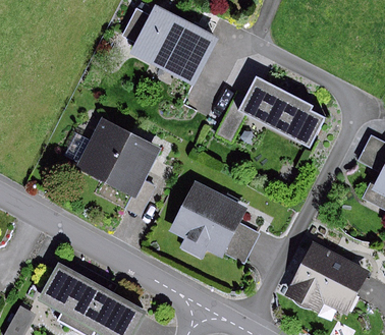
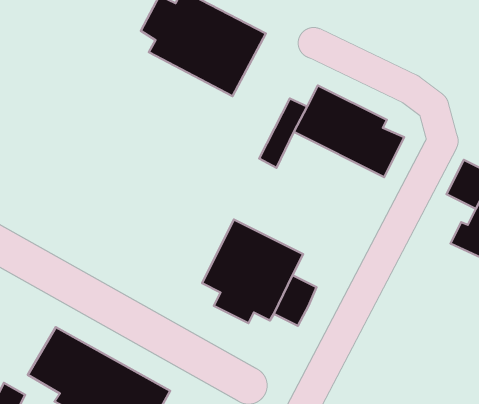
building: [78,119,164,200] -> none
building: [284,241,371,316] -> none

